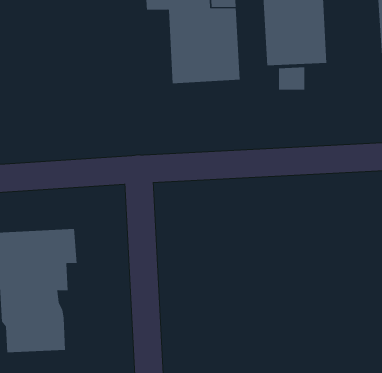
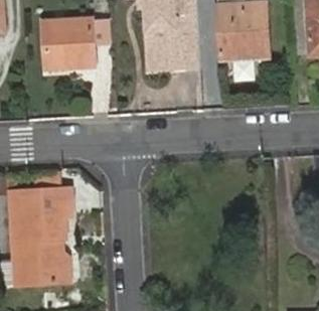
building: none -> [42,19,94,67]

